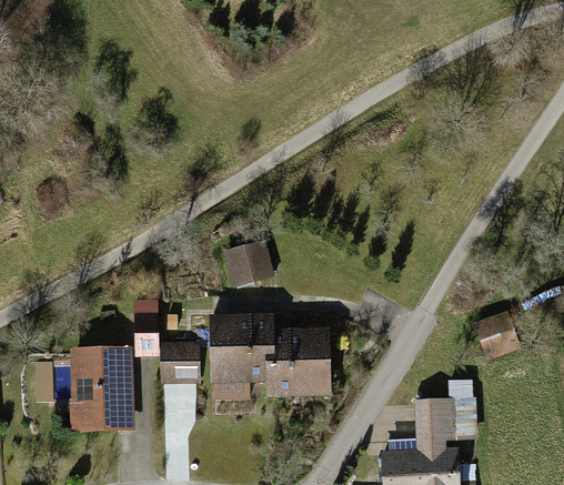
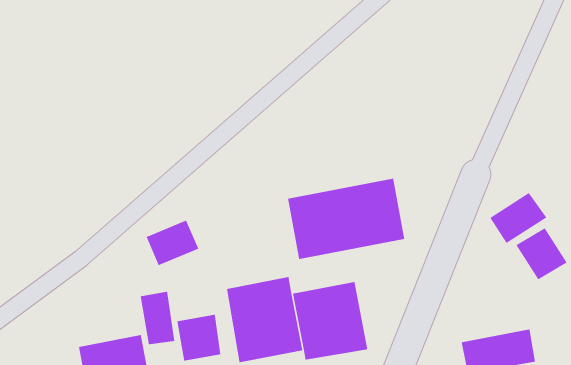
building: [226,246,272,283] -> [146,220,199,266]
building: none -> [287,178,405,260]
building: none -> [489,192,547,244]

